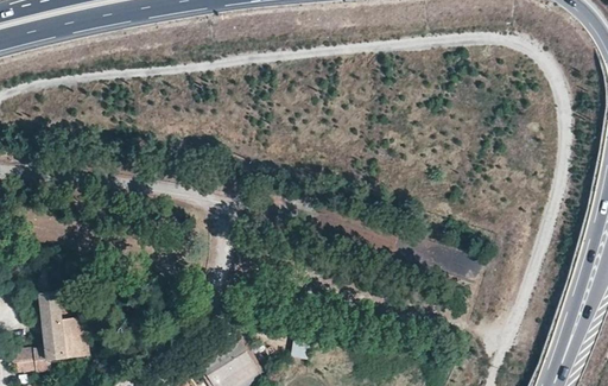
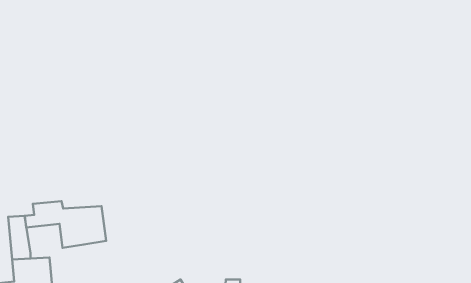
building: none -> [25,201,106,248]

